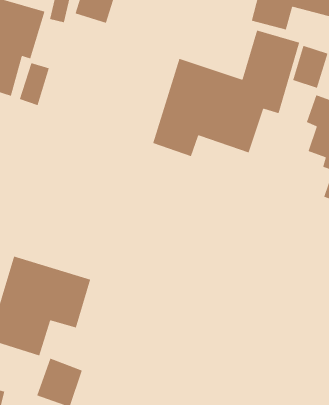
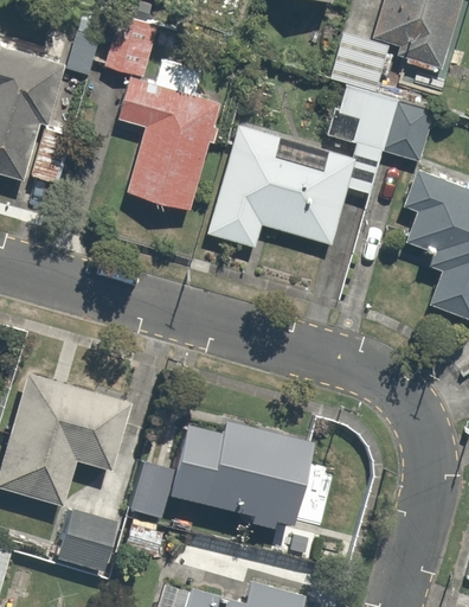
building: none -> [101,56,229,211]
building: none -> [127,421,304,531]

